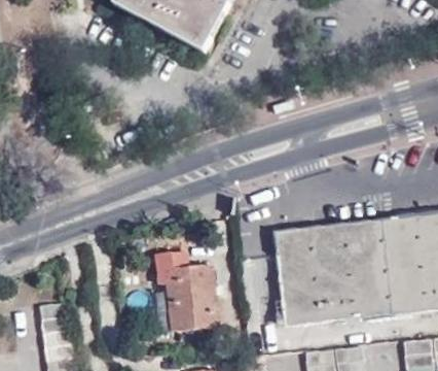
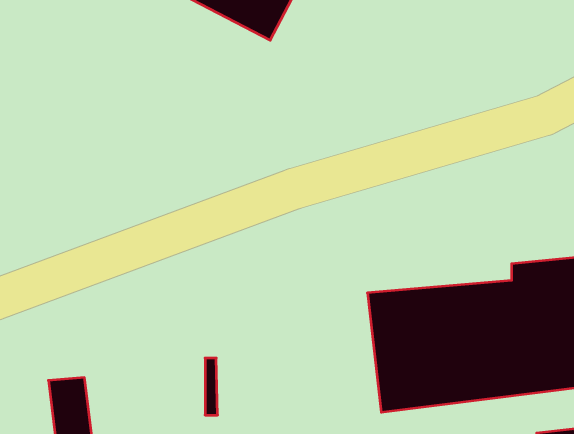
building: [156,250,220,330] -> none

